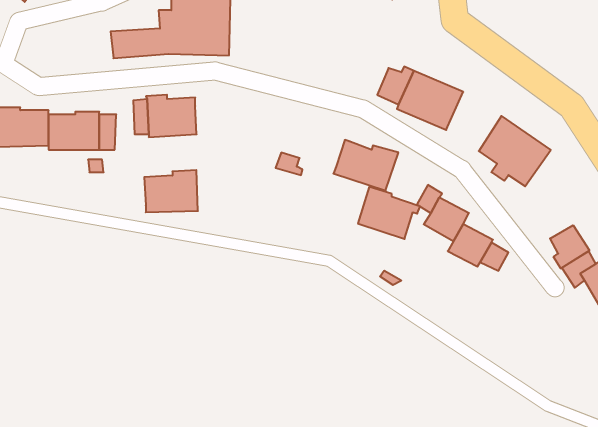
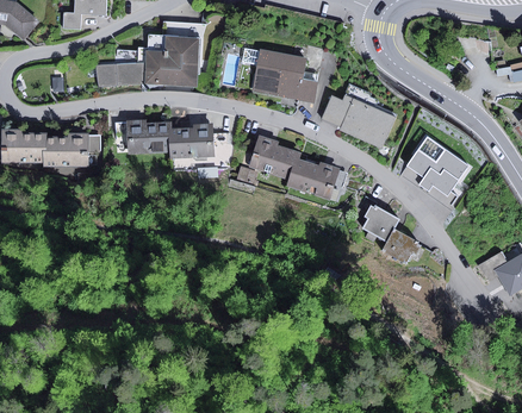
building: none -> [241,48,317,104]
building: [144,170,198,212] -> [168,123,213,158]
building: [358,187,420,239] -> [248,136,300,180]
building: [550,225,589,269] -> none

